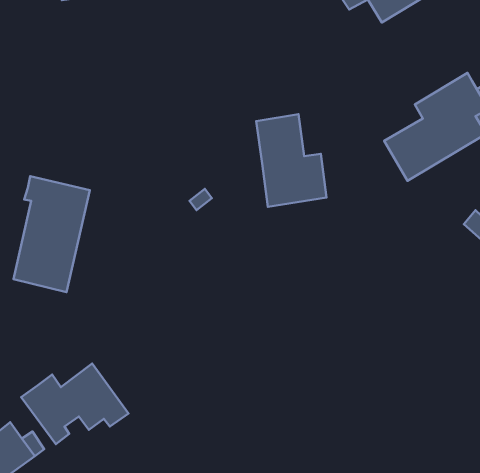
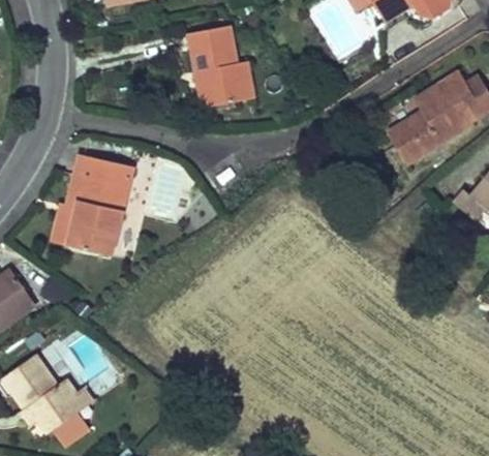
building: [256,114,327,207] -> [191,22,253,103]
building: [21,363,129,444] -> none

